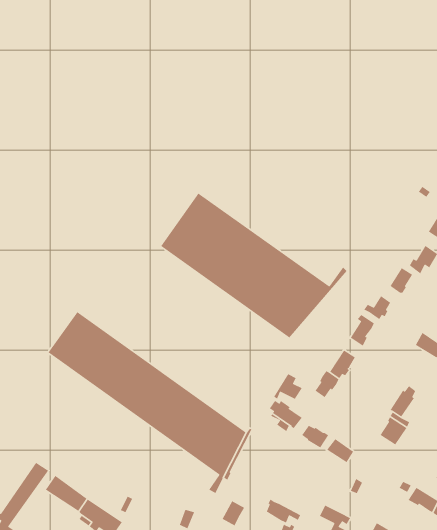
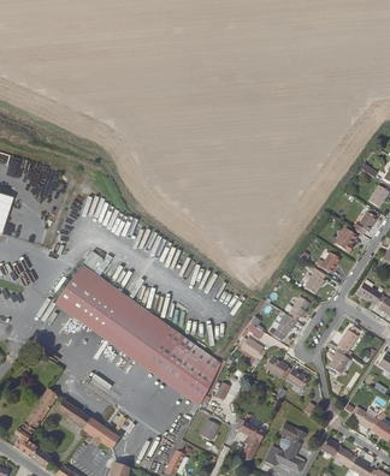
building: [160,193,347,338] -> none

